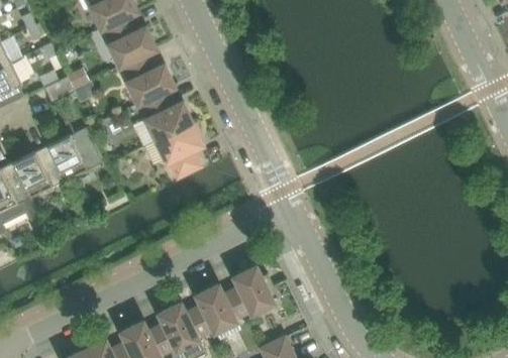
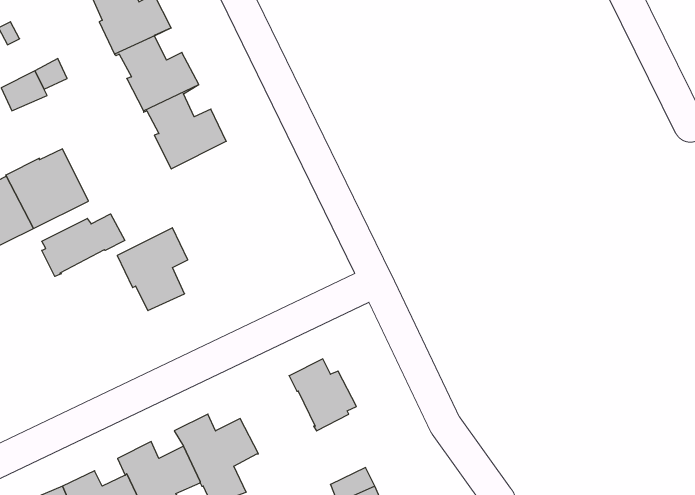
building: [156,123,202,177] -> [117,228,188,311]
building: none -> [42,214,125,276]
building: [196,284,250,341] -> none

